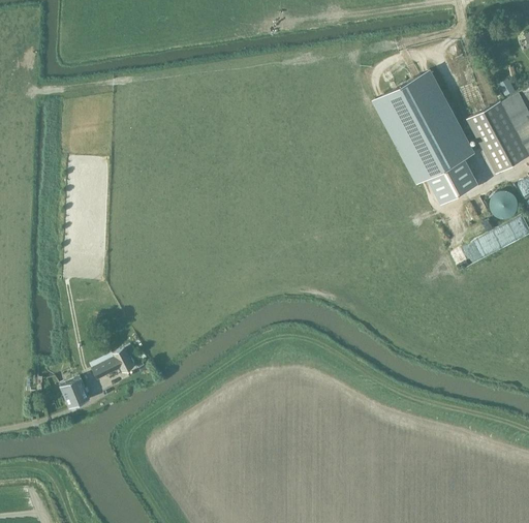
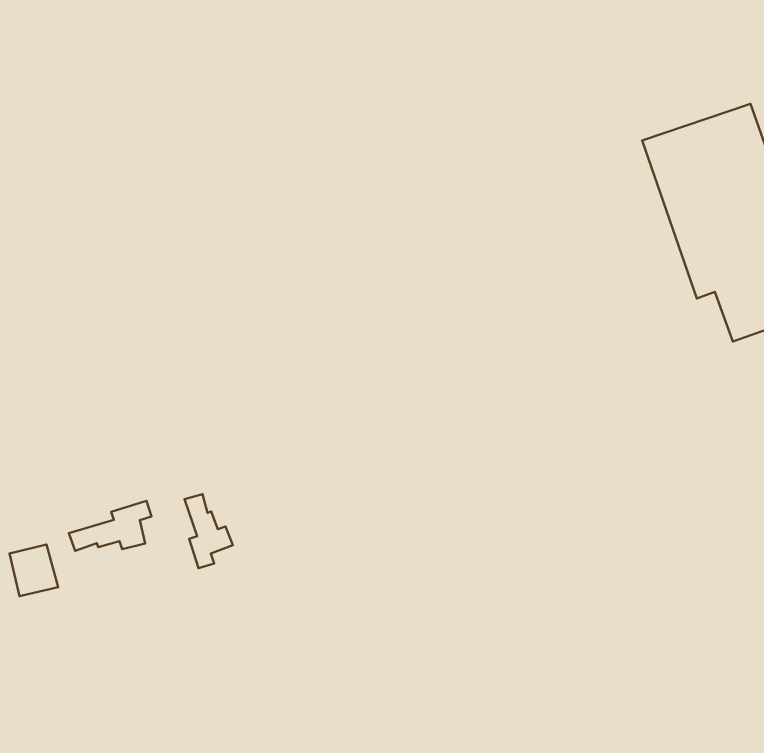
building: none -> [184,494,233,568]

